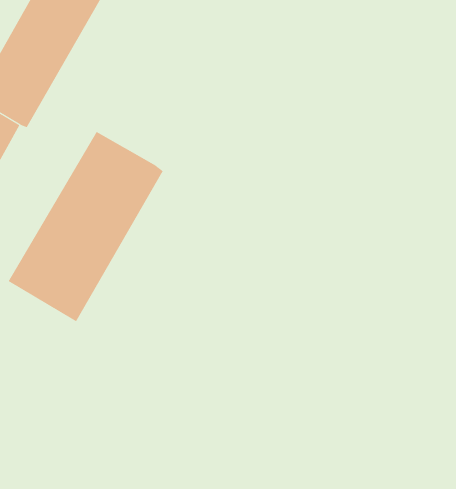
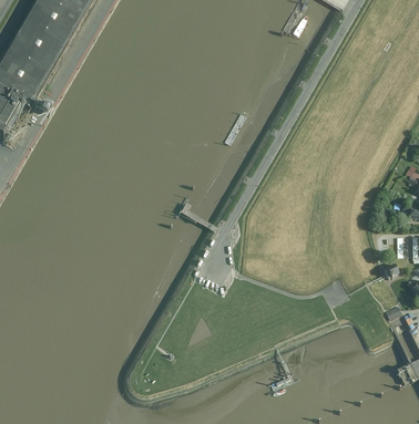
building: [8,131,164,322] -> none

